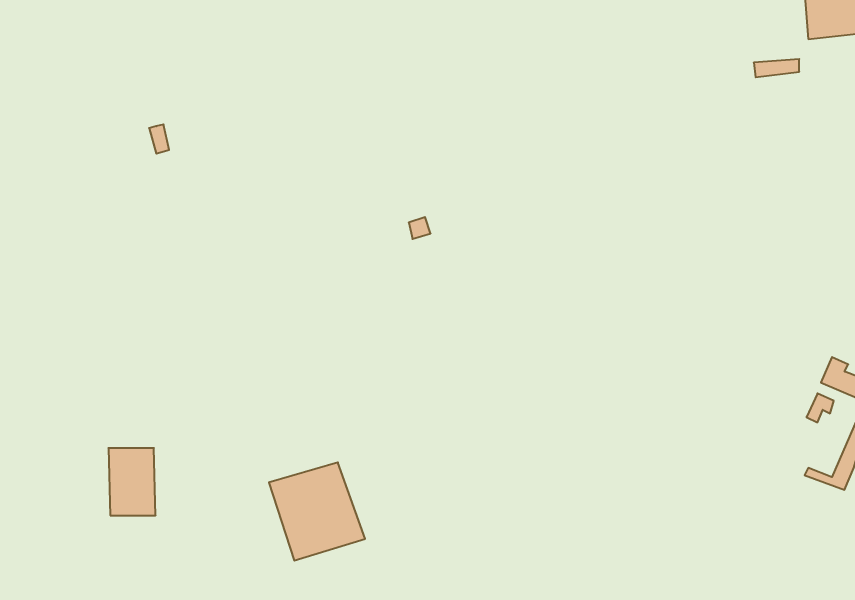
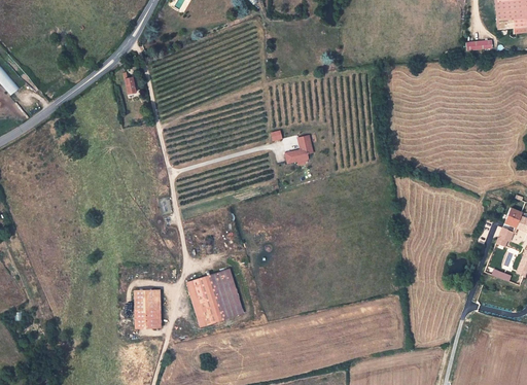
building: none -> [284,135,313,166]
building: [108,448,156,515] -> [135,290,162,328]

